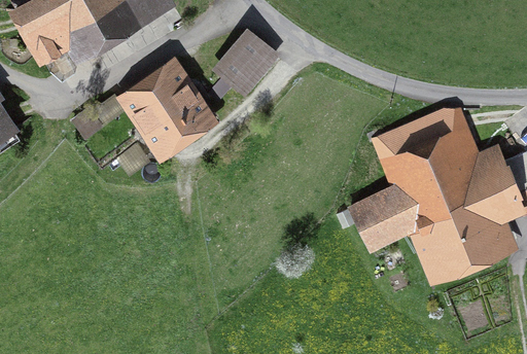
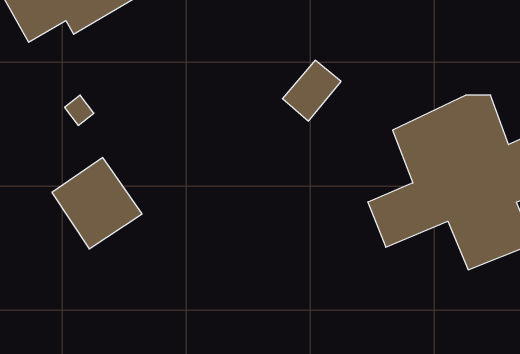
building: [220,36,274,92] -> [282,60,341,121]
building: [127,68,209,151] -> [52,158,142,249]

